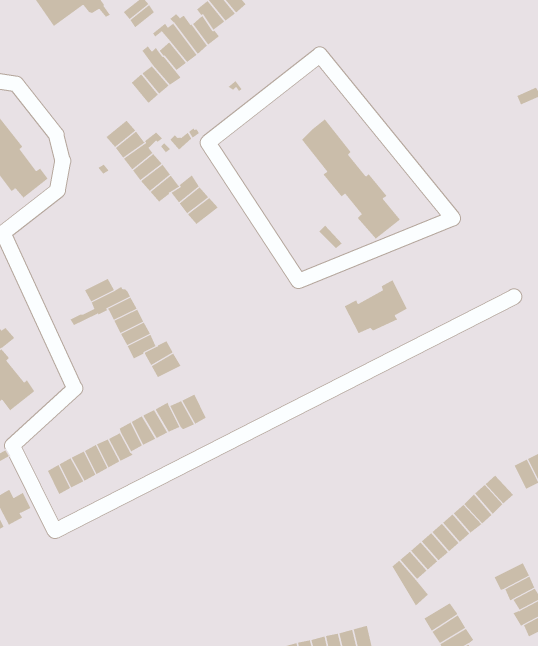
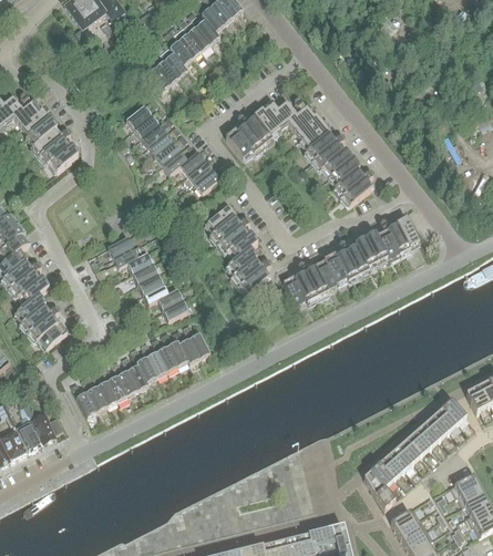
building: none -> [225,99,297,156]
building: none -> [206,204,268,294]
building: none -> [364,216,419,261]
building: none -> [283,259,336,305]

